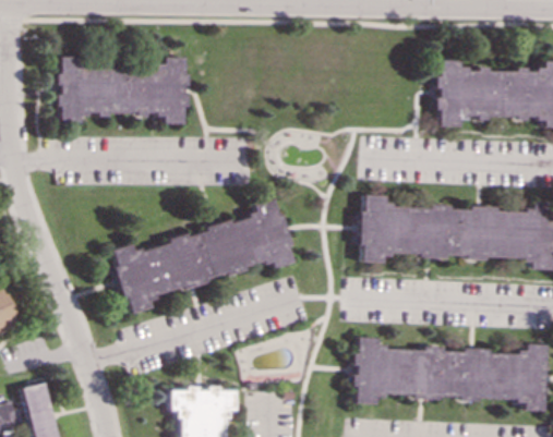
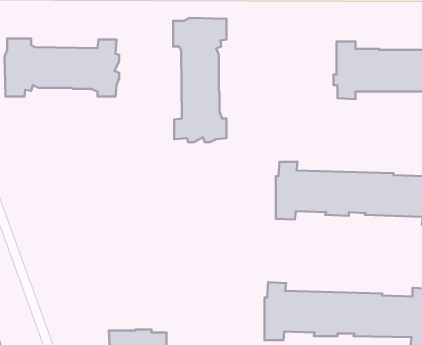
building: none -> [173,18,227,142]
building: [109,198,293,314] -> none

